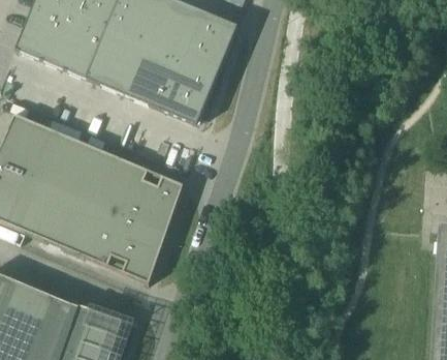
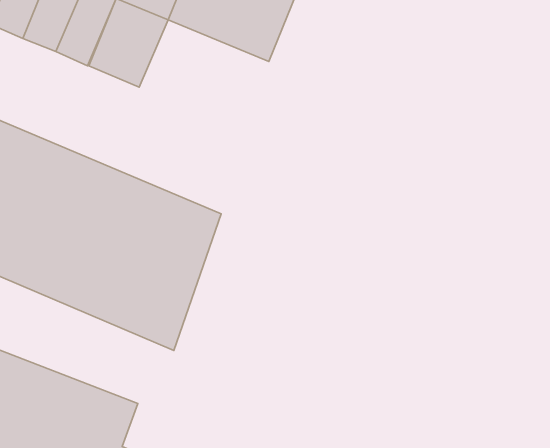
building: [124,44,217,115] -> none

